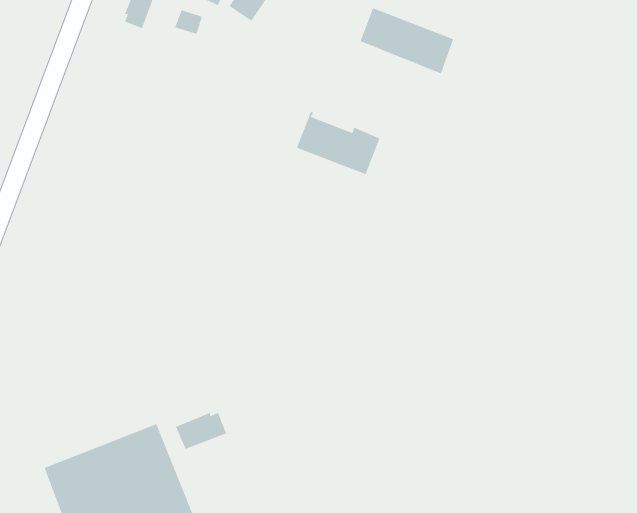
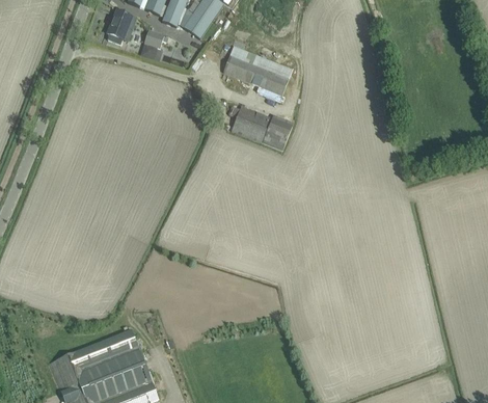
building: [360,7,454,75] -> [223,46,292,95]
building: [175,412,227,450] -> none

